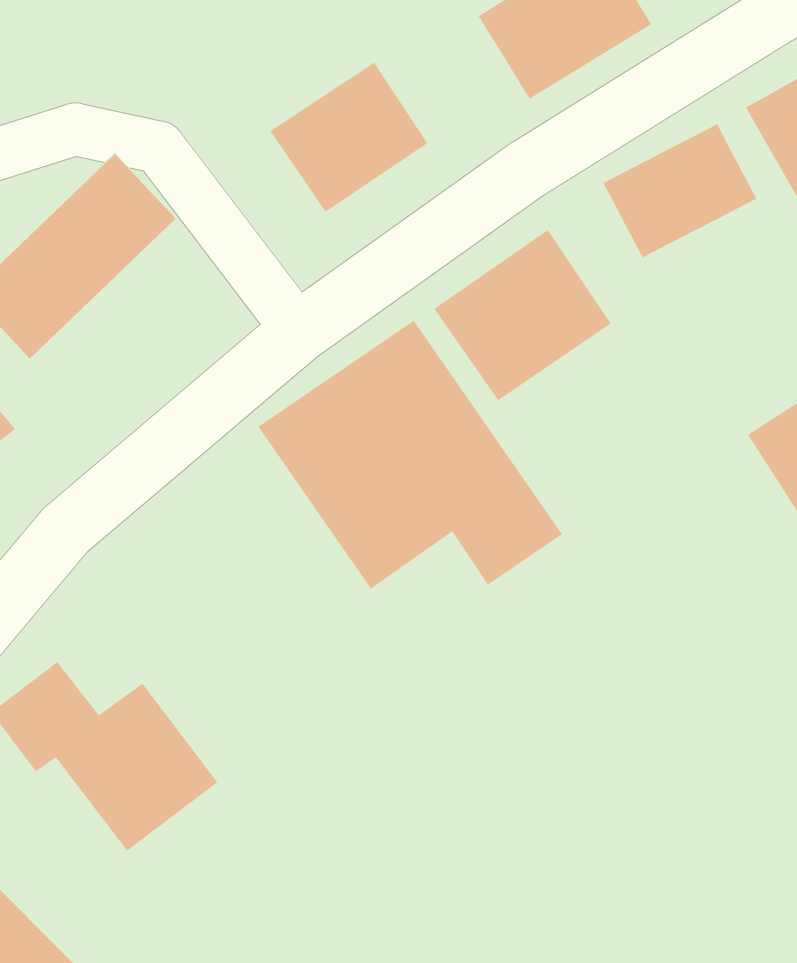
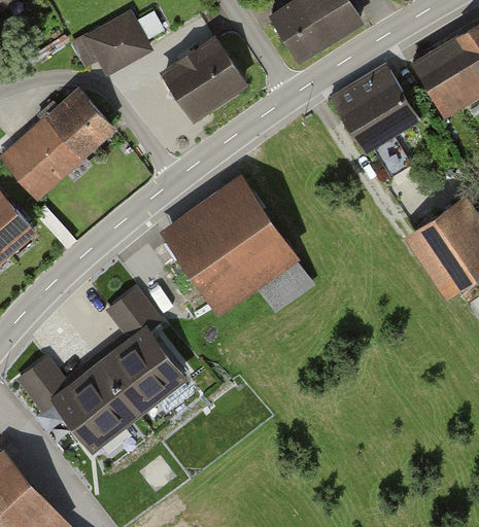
building: none -> [78,17,150,74]
building: [434,229,611,401] -> none
building: none -> [96,283,196,416]

